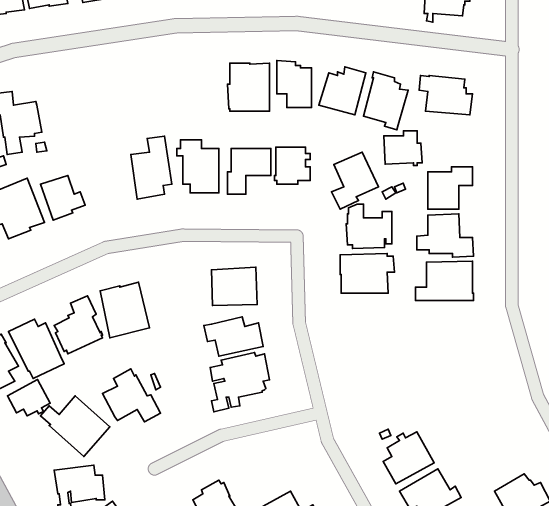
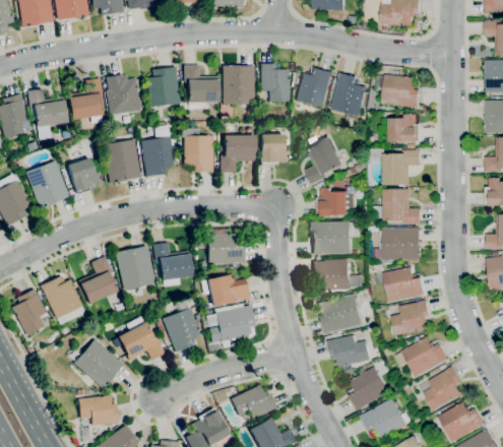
building: none -> [183,65,218,109]
building: none -> [146,66,179,107]
building: none -> [106,73,140,114]
building: none -> [67,77,103,123]
building: [384,131,422,165] -> [389,115,421,143]
building: none -> [103,139,140,184]
building: none -> [152,242,192,285]
building: none -> [313,259,363,291]
building: none -> [375,267,426,303]
building: none -> [317,295,363,333]
building: none -> [162,299,200,352]
building: none -> [392,301,430,336]
building: [7,379,50,416] -> none
building: none -> [328,335,371,368]
building: none -> [402,337,448,377]
building: none -> [420,368,462,410]
building: none -> [231,384,276,419]

